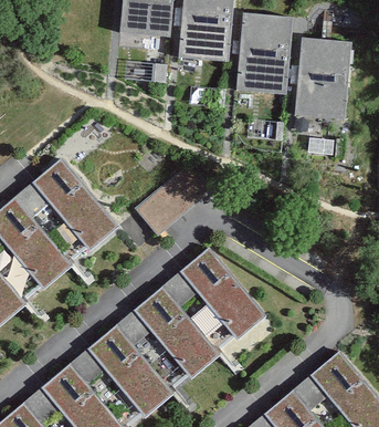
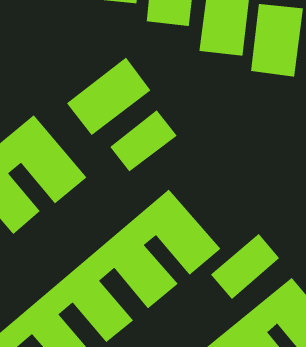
building: none -> [66,56,151,136]
building: none -> [210,233,280,300]

